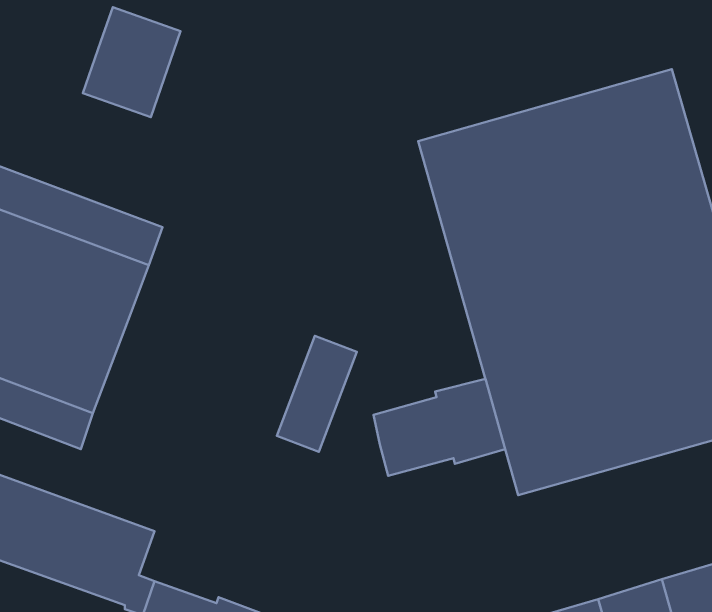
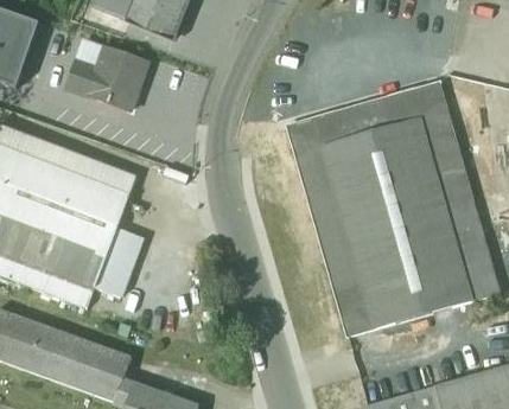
building: none -> [69,60,100,97]
building: [277,336,357,452] -> [95,228,142,296]
building: [373,379,505,476] -> none

